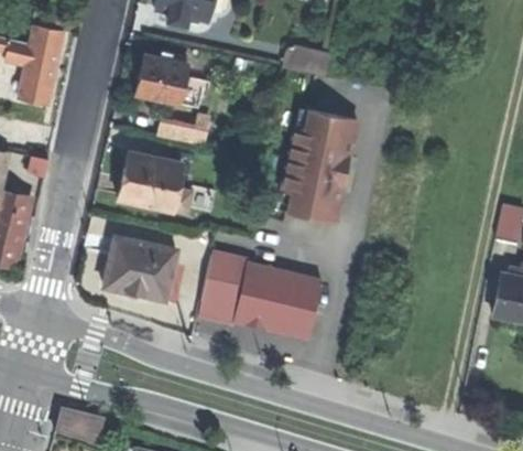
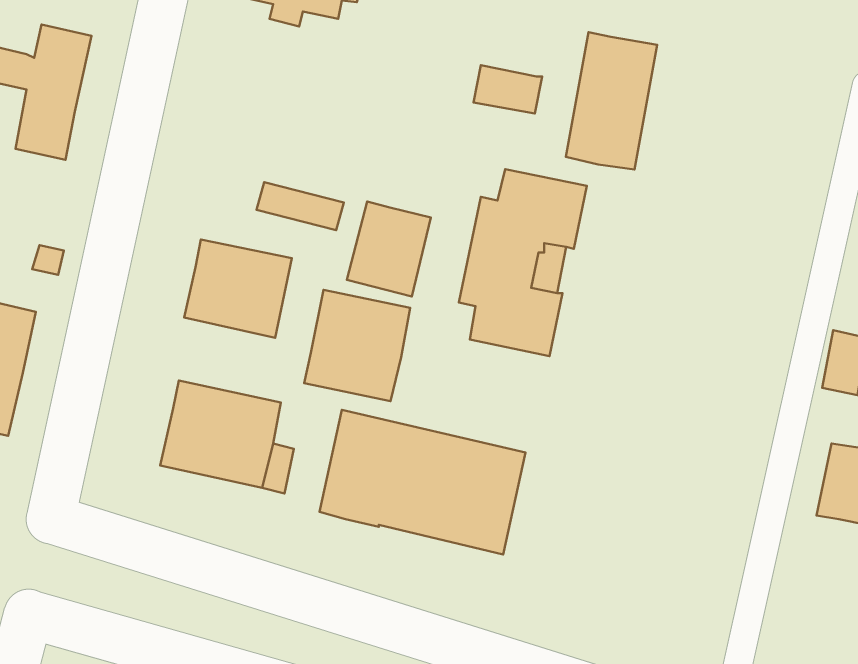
building: none -> [566,32,657,169]
building: [135,54,187,101] -> none
building: none -> [347,202,431,296]
building: none -> [304,290,410,401]

